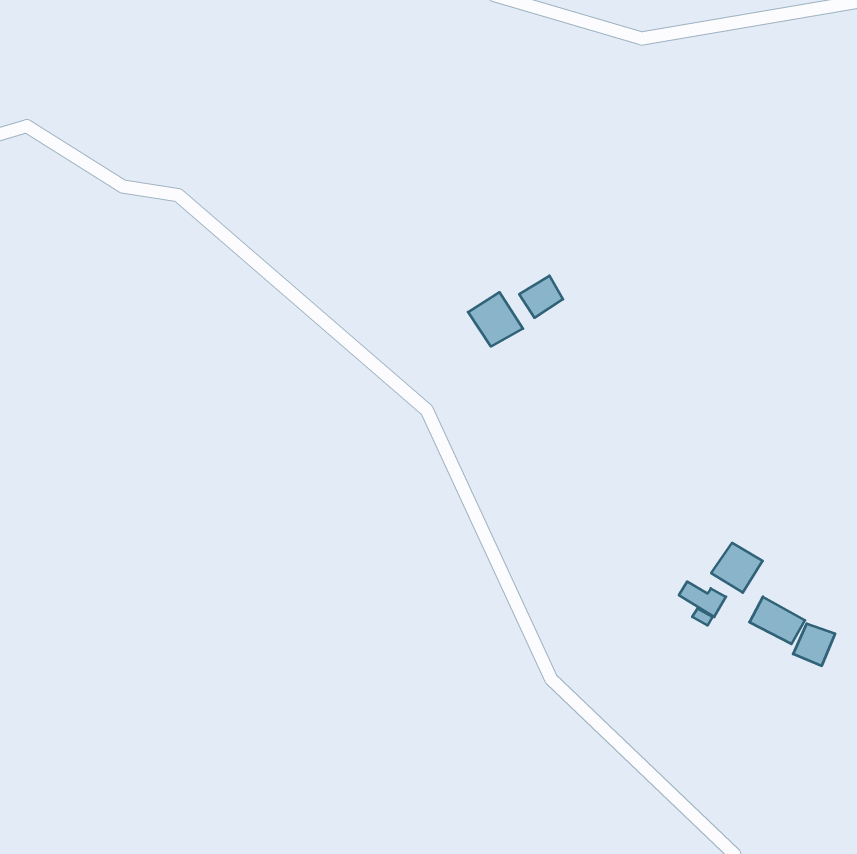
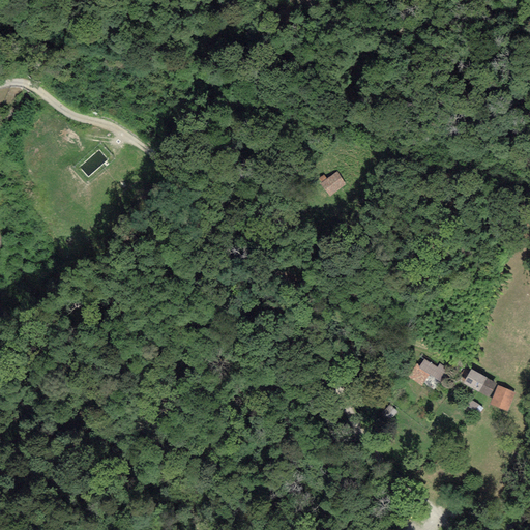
building: [468,292,523,346] -> none
building: [711,543,763,593] -> none

